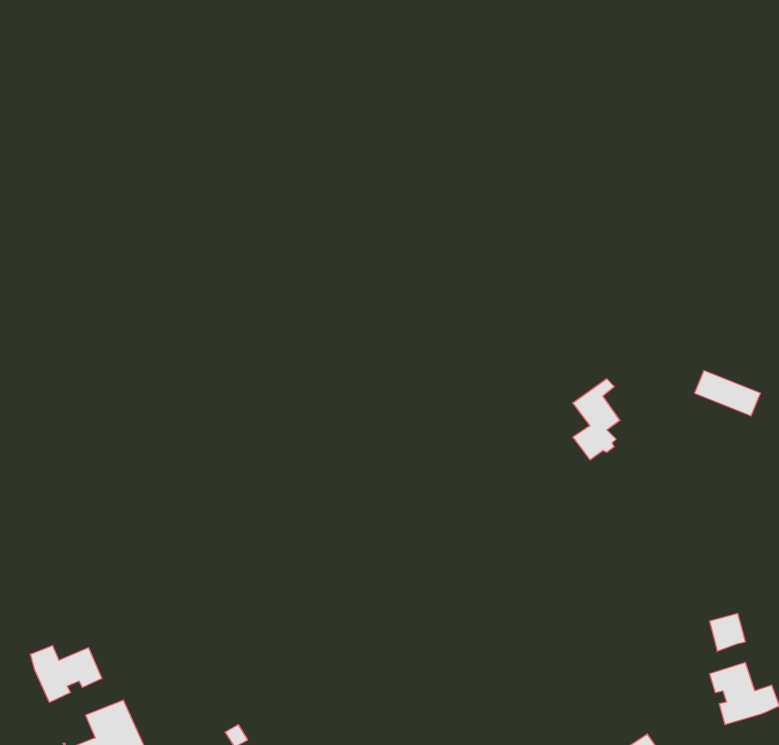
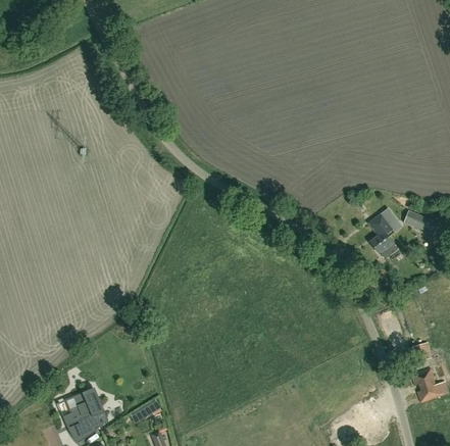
building: [573,379,620,460] -> [369,209,395,253]
building: [30,645,102,702] -> none

